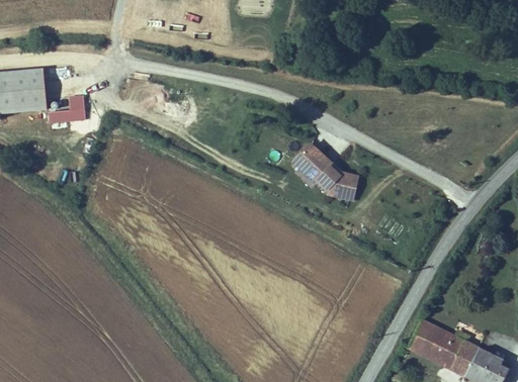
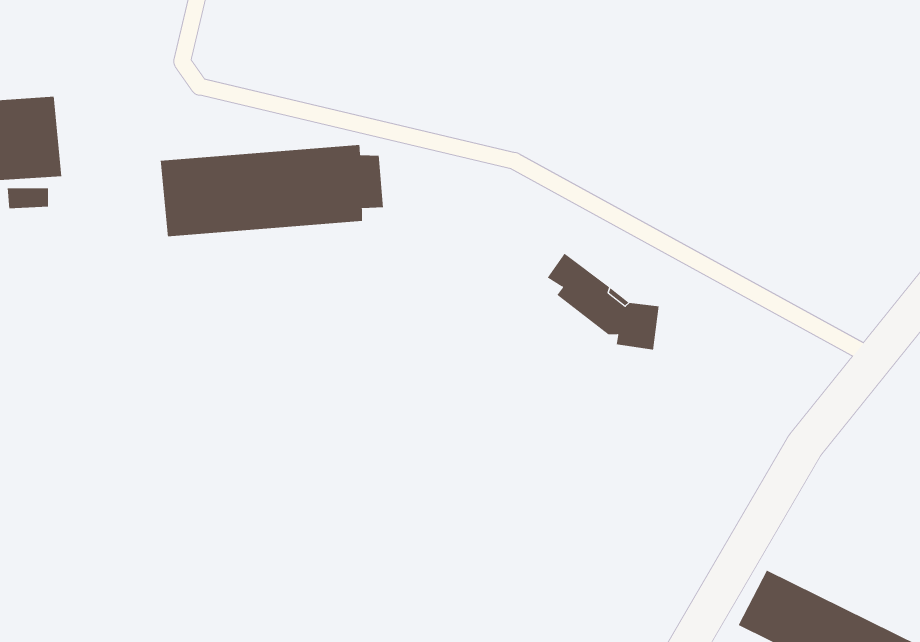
building: none -> [160,144,384,237]
building: [48,95,86,123] -> none

